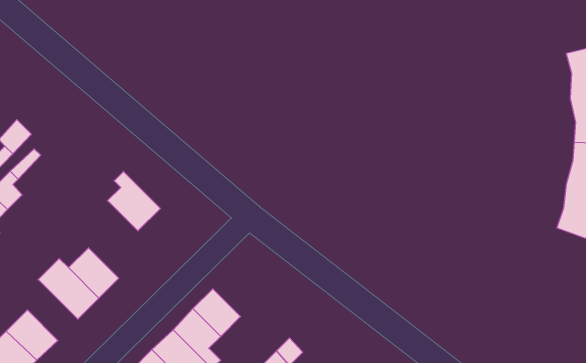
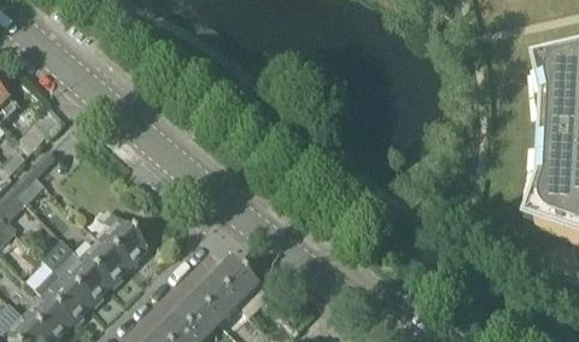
building: [107,171,160,231] -> [99,205,147,260]
building: none -> [212,250,267,307]
building: none -> [35,261,89,317]

